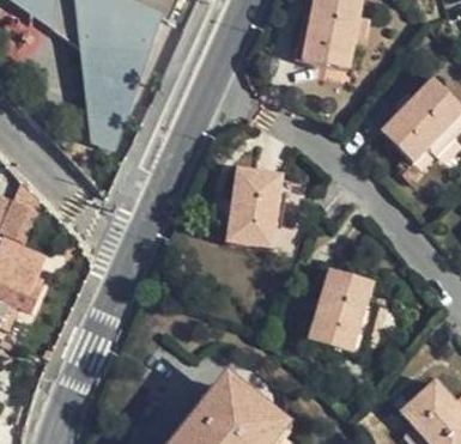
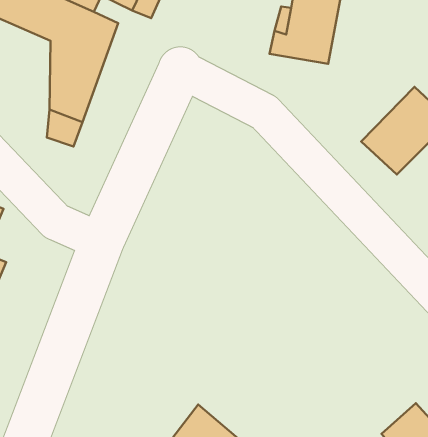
building: [225,166,283,245] -> none
building: [310,272,374,361] -> none

